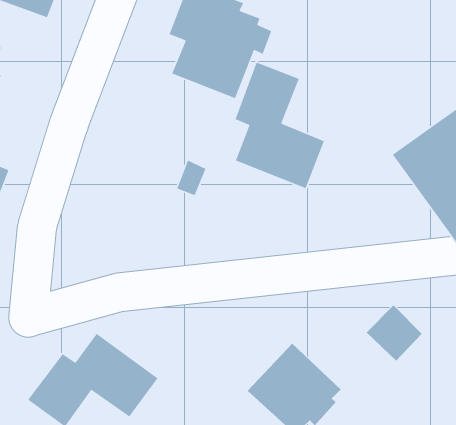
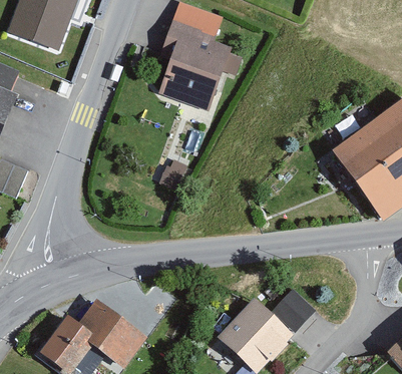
building: [234,61,325,189] -> none
building: [366,305,423,361] -> [269,291,314,336]

